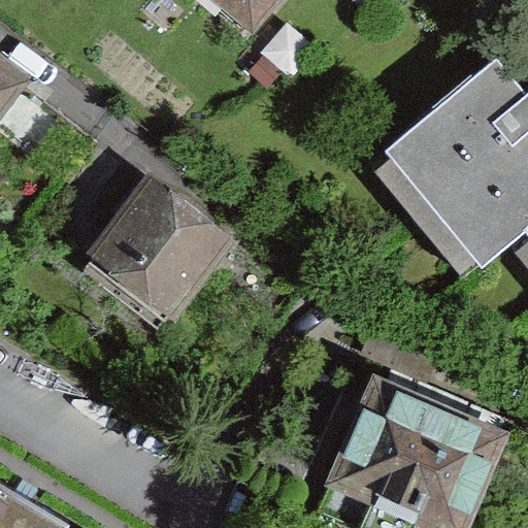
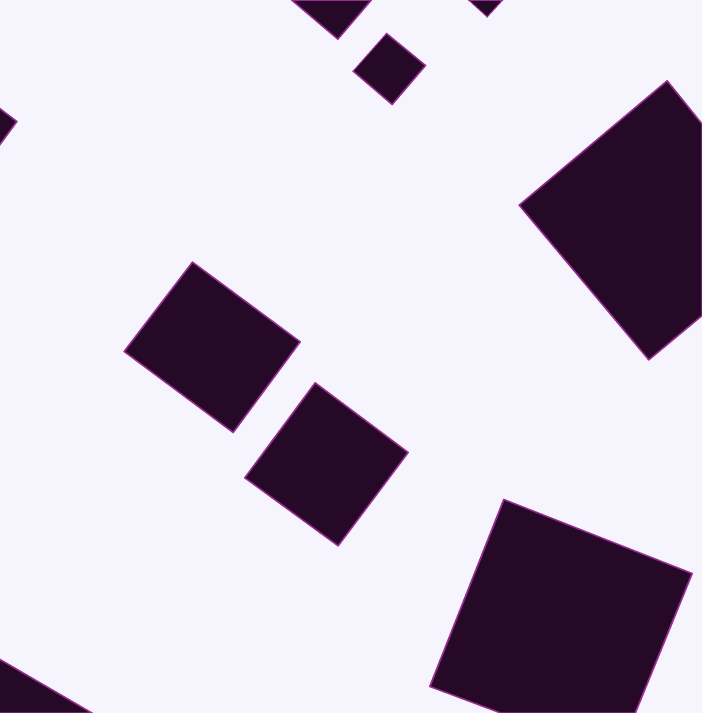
building: none -> [245,383,408,546]

